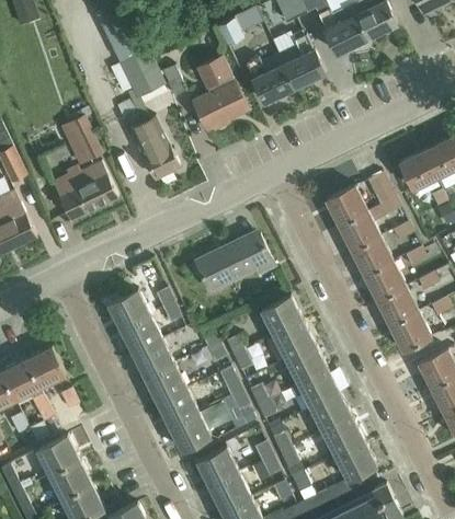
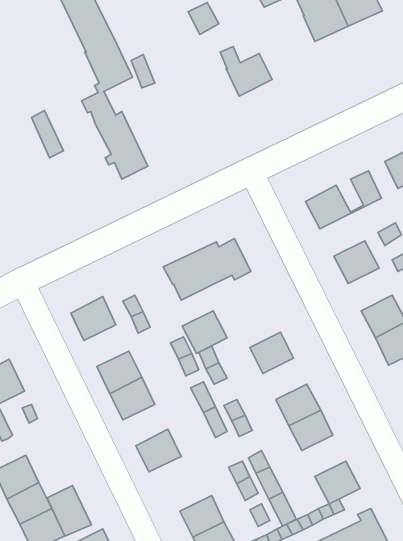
building: [283,35,327,89] -> none
building: [193,55,249,131] -> none
building: [59,163,117,220] -> none
building: [339,198,401,252] -> none
building: [365,263,406,302] -> none
building: [261,297,303,336] -> [182,311,227,353]
building: [121,315,162,354] -> none
building: [286,346,327,384] -> none
building: [157,389,198,427] -> none
building: [322,417,363,455] -> none
building: [197,448,239,487] -> none
building: none -> [47,485,92,536]

